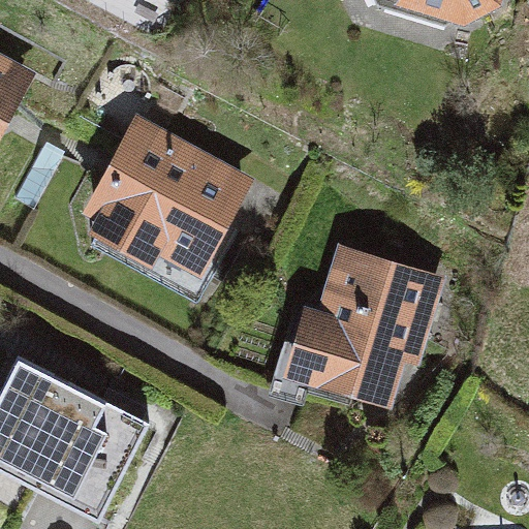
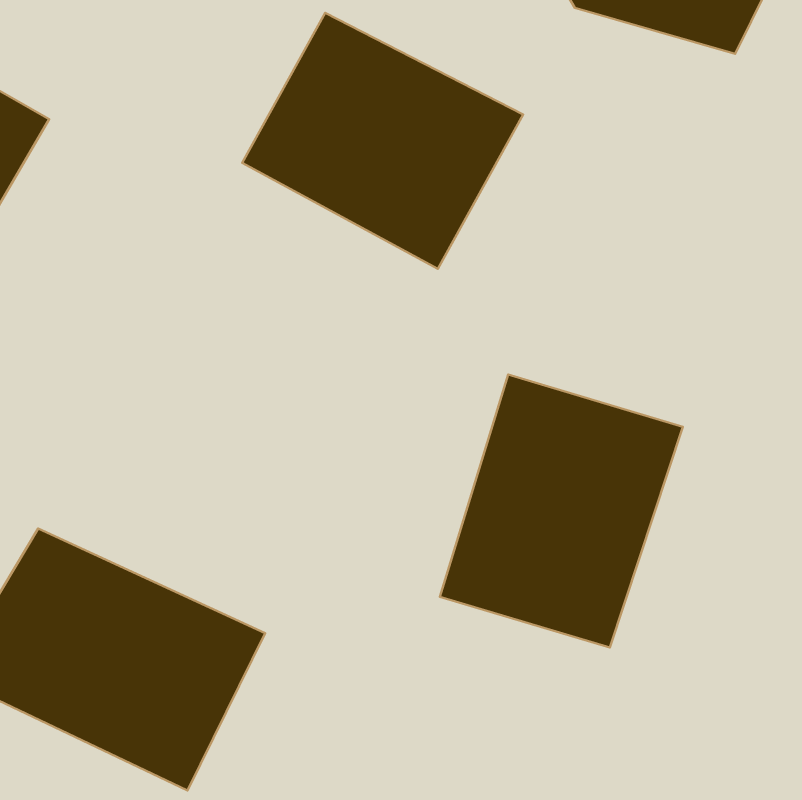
building: none -> [242,13,523,269]
building: [66,126,247,287] -> none

